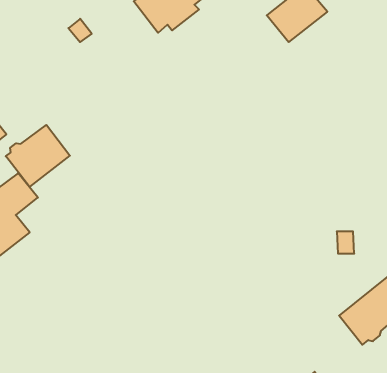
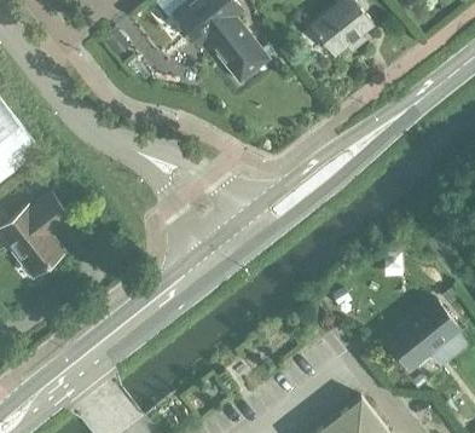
building: none -> [210,22,270,82]
building: [6,125,70,187] -> none

